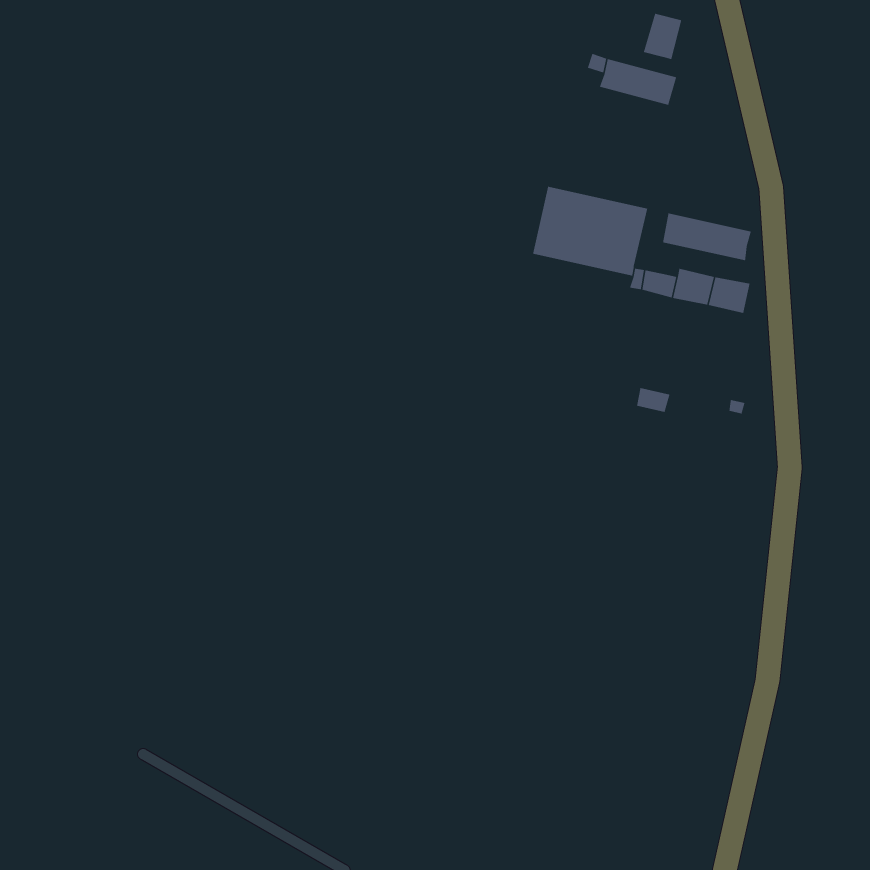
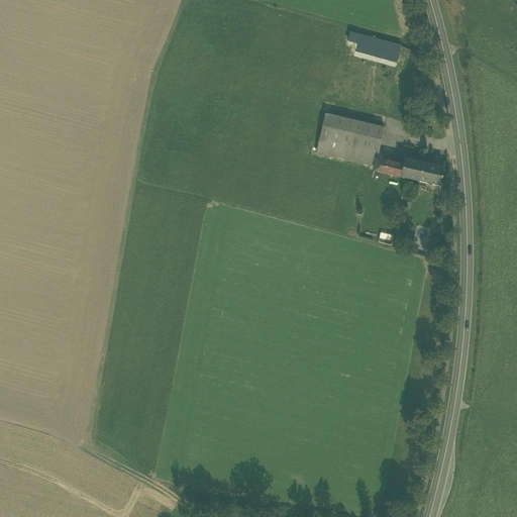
building: [643,13,682,60] -> none
building: [662,213,752,261] -> none

